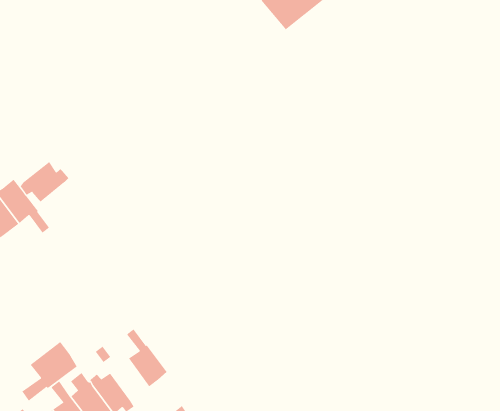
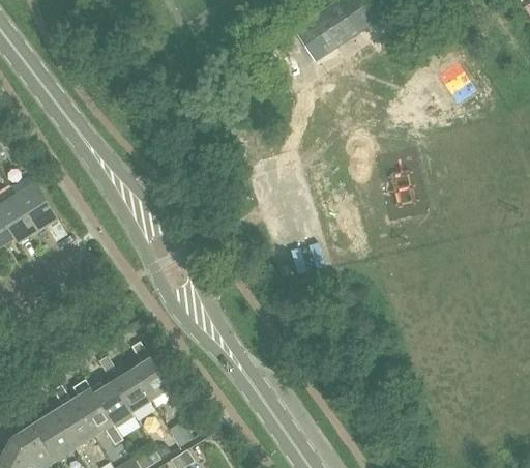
building: [18,161,69,203] -> none
building: [21,341,78,401] -> none
building: none -> [112,371,148,412]

